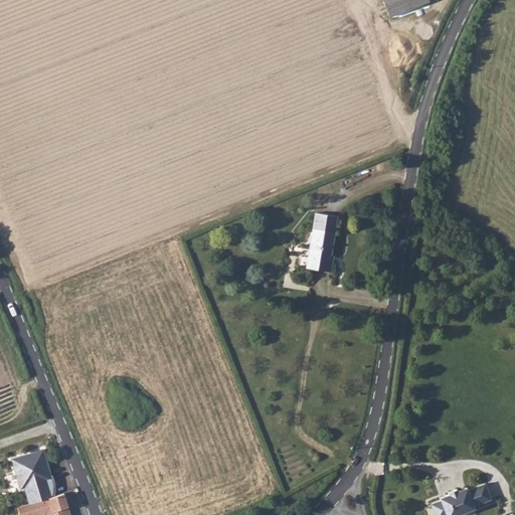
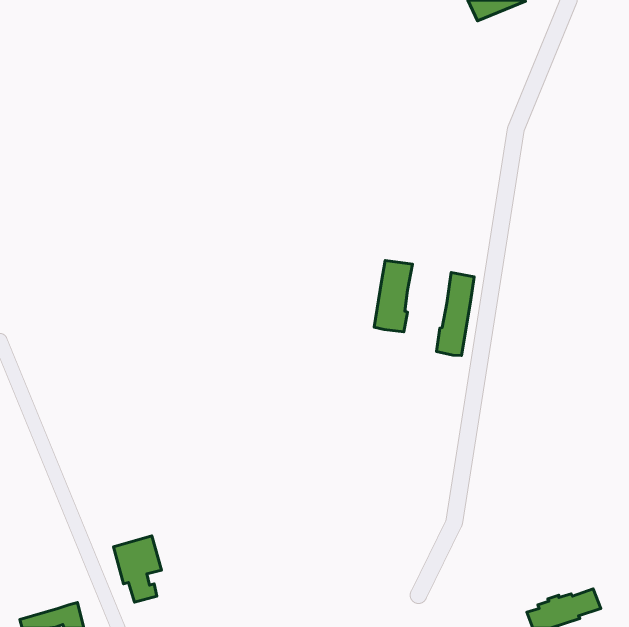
building: none -> [436,272,474,355]
building: [12,450,51,504] -> [114,536,162,602]

